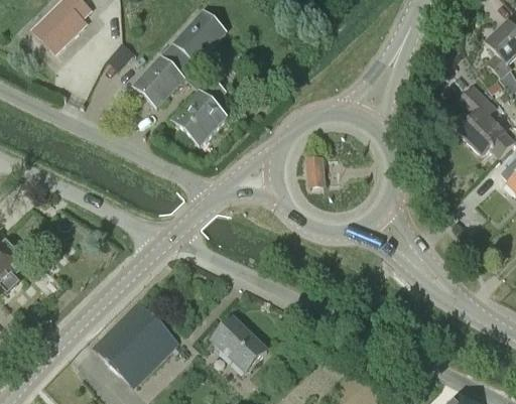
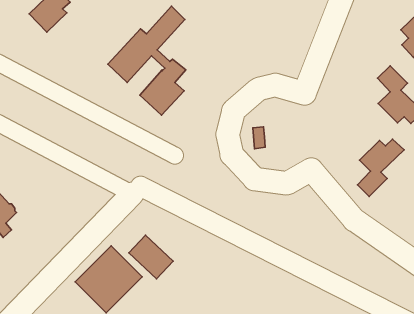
building: none -> [357,139,404,196]
building: [212,318,265,371] -> [129,235,173,279]

